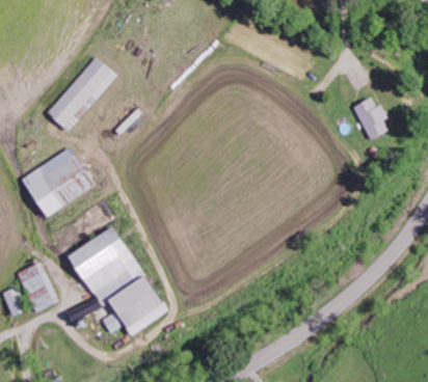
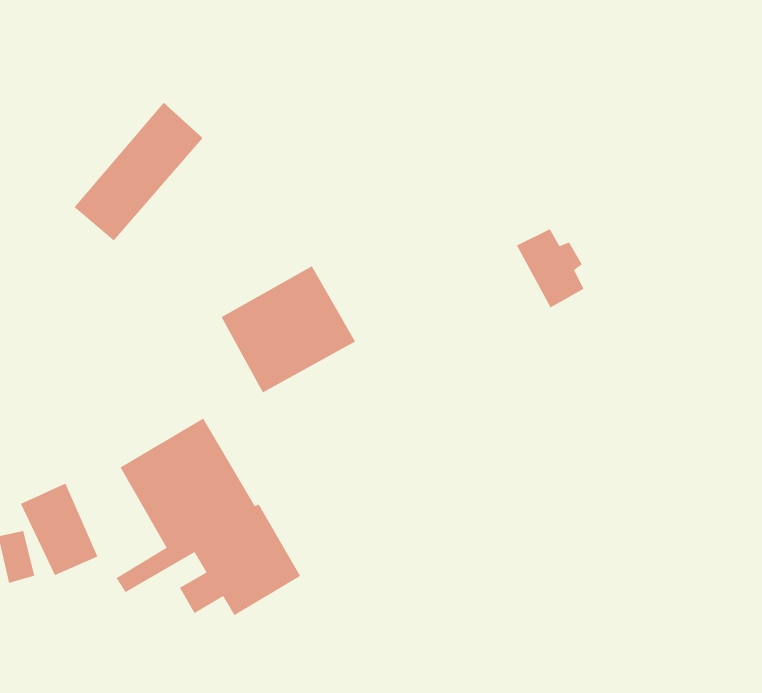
building: [350,99,387,142] -> [516,228,585,308]
building: [21,147,95,217] -> [220,265,356,393]

